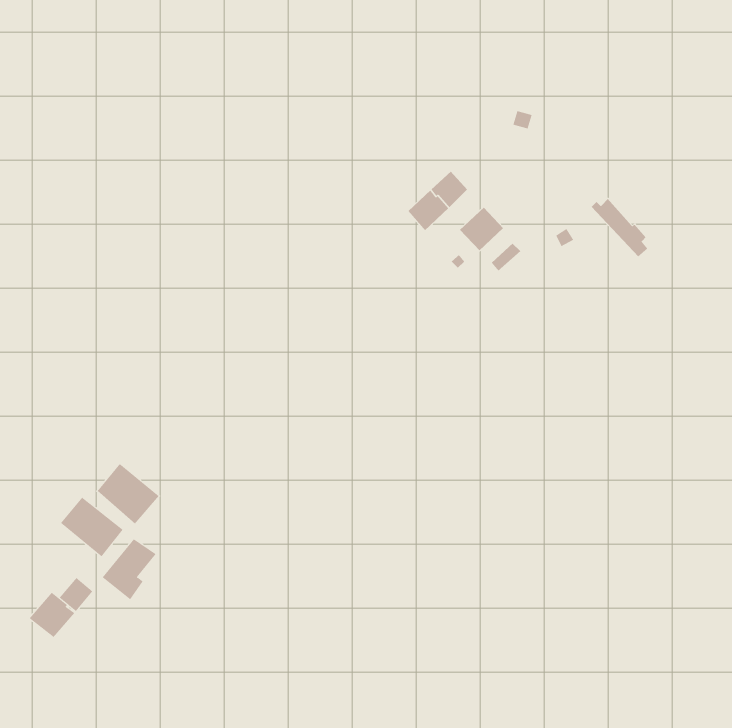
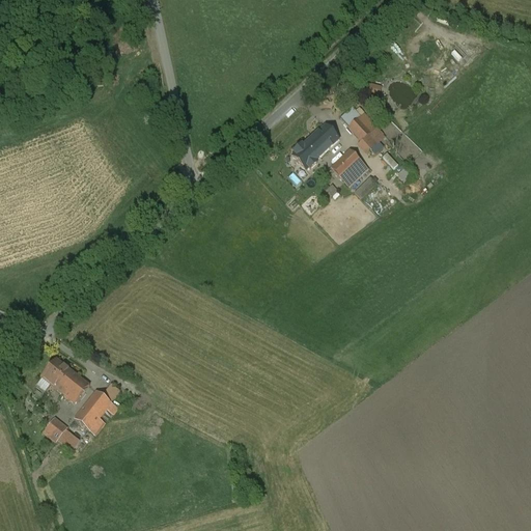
building: [591,198,648,257] -> [341,111,383,153]
building: [97,463,160,524] -> none
building: [29,592,75,638] -> none

